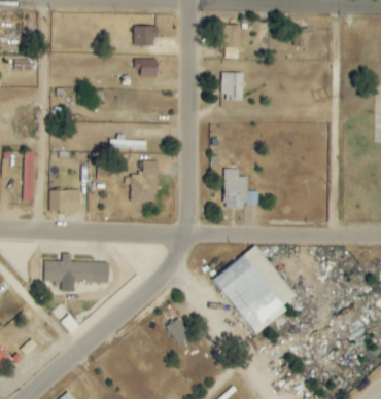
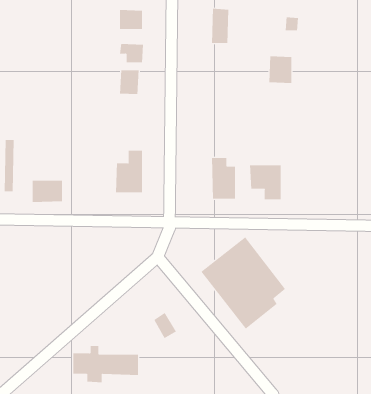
building: [220,72,243,99] -> [269,56,292,84]
building: none -> [120,69,139,95]
building: none -> [250,164,281,200]
building: [44,253,108,289] -> [73,346,139,383]

